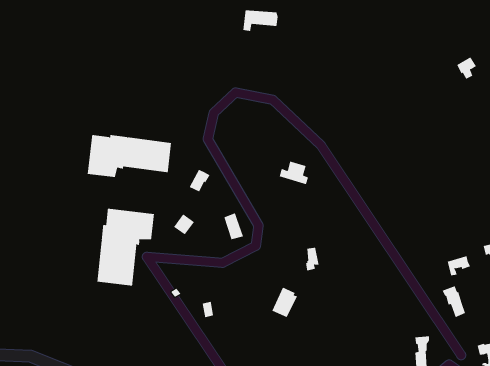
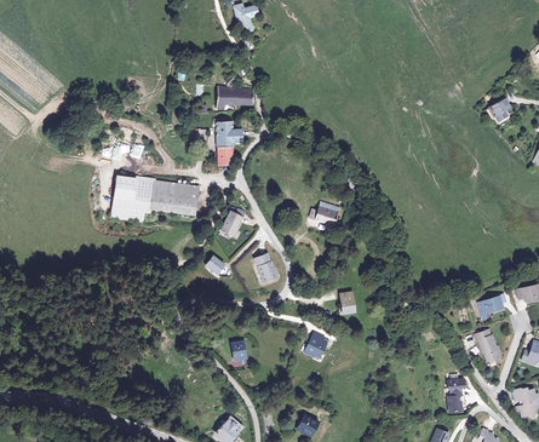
building: [242,10,278,31] -> [218,87,254,109]
building: none -> [213,117,241,168]
building: [97,208,155,286] -> none

